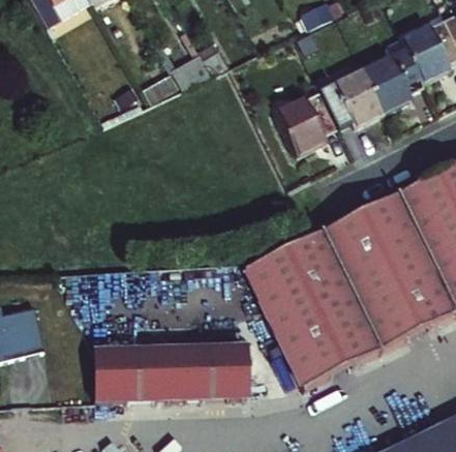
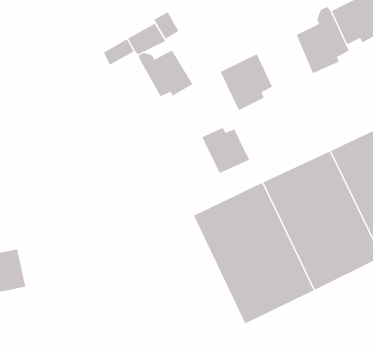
building: [317,67,379,125] -> none
building: none -> [138,50,193,97]
building: none -> [202,127,250,174]
building: [98,343,247,399] -> none

